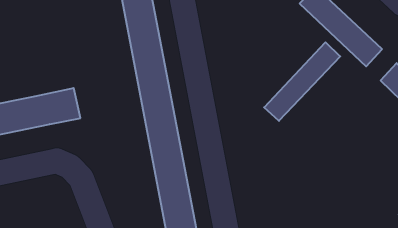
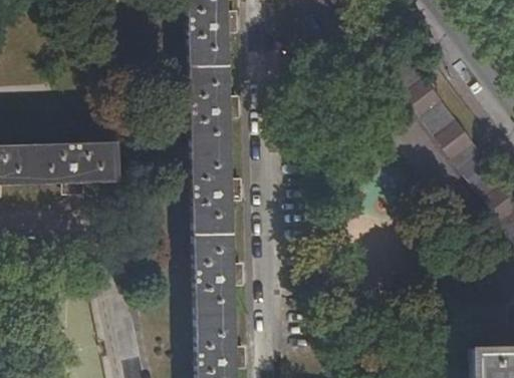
building: [264,42,340,121] -> none

